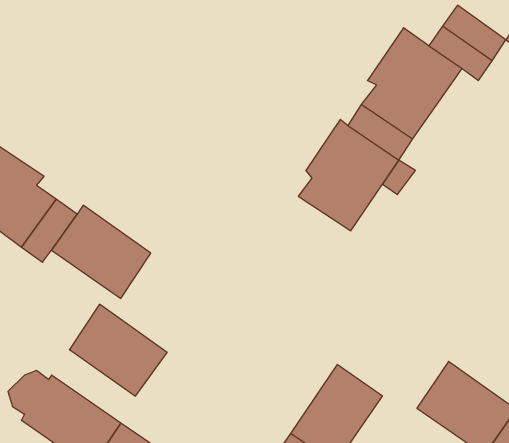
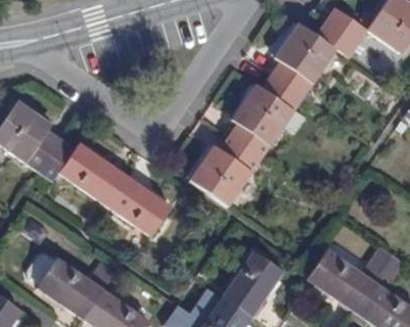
building: none -> [188,136,262,207]
building: [69,304,167,396] -> [105,175,172,237]

